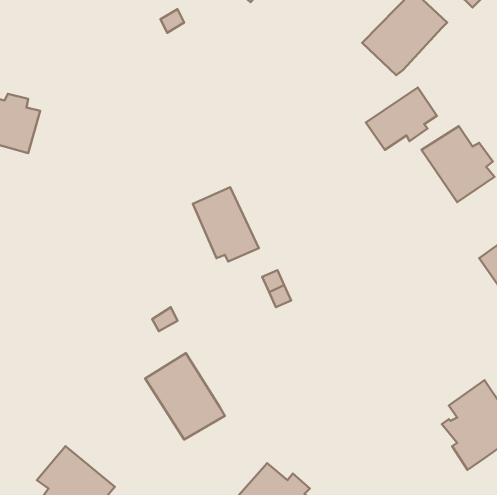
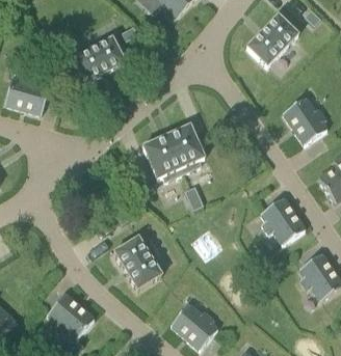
building: none -> [73,36,126,83]
building: [366,87,437,150] -> none
building: none -> [165,124,205,171]
building: none -> [258,196,305,251]

